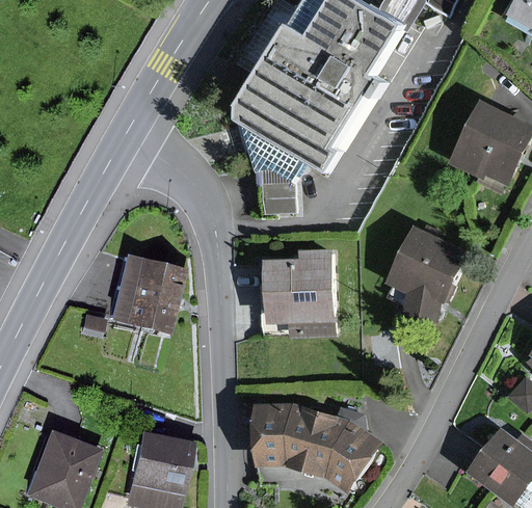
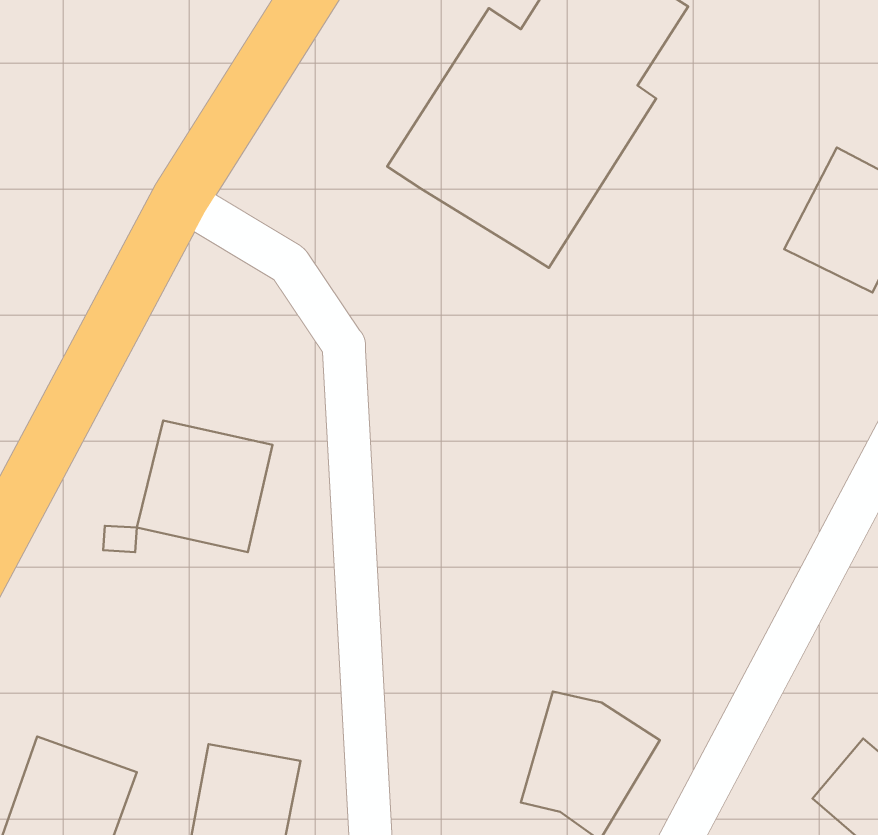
building: [251,131,308,208] -> none
building: [393,222,469,314] -> none
building: [260,253,336,331] -> none
building: [259,399,324,470] -> none

